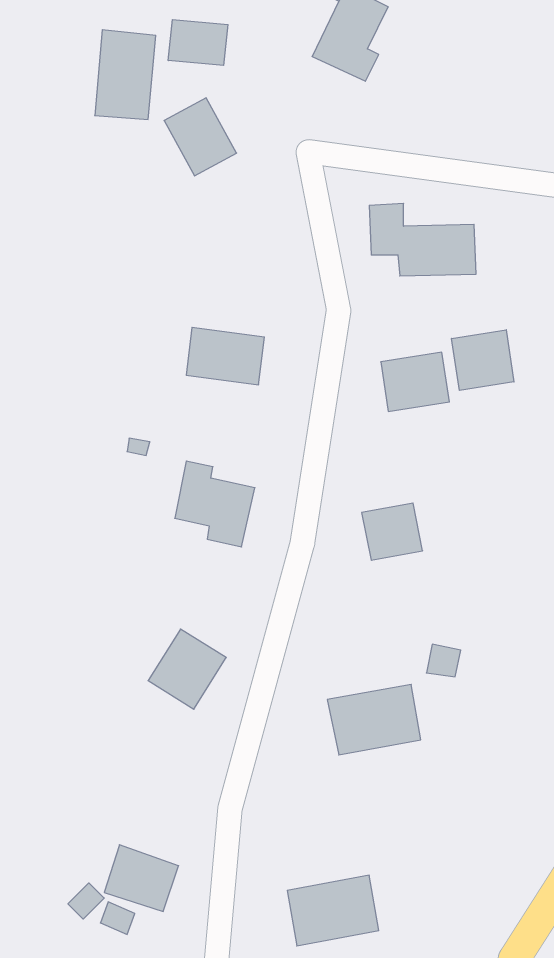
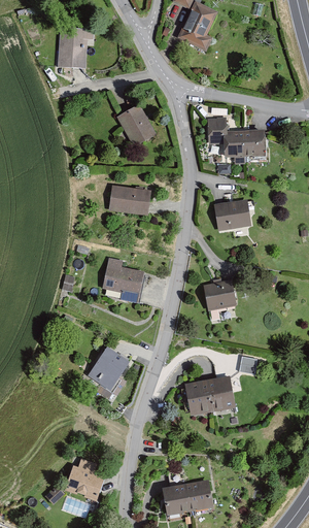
building: [168,20,228,65] -> none
building: [164,98,237,176] -> [116,104,156,146]
building: [452,330,514,390] -> none

